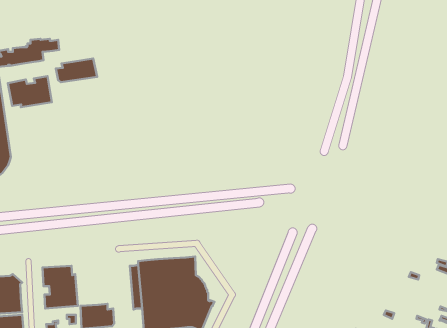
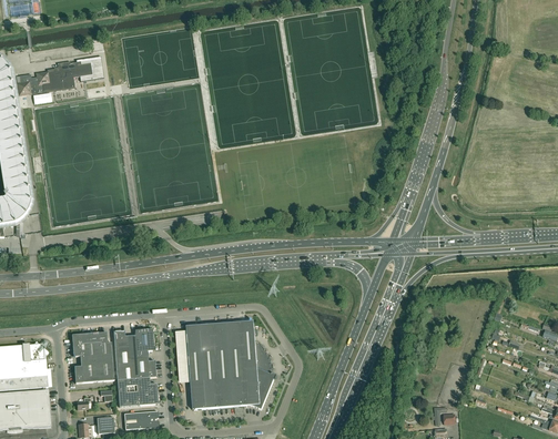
building: [56,58,97,82] -> none
building: [8,76,52,107] -> none
building: none -> [112,328,155,379]

